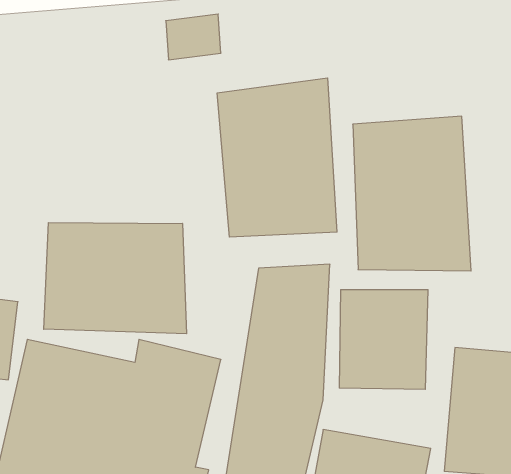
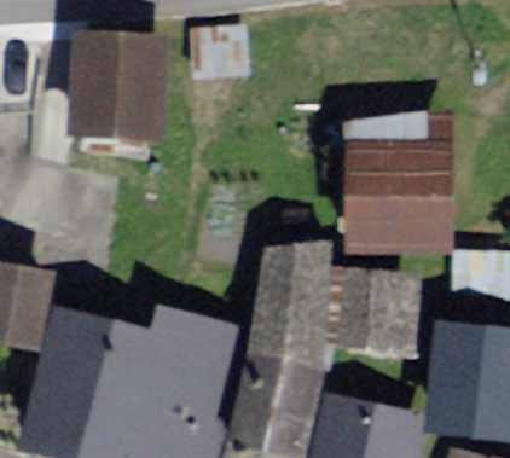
building: none -> [71,36,156,152]
building: [217,78,337,237] -> none
building: [44,223,186,334] -> none

